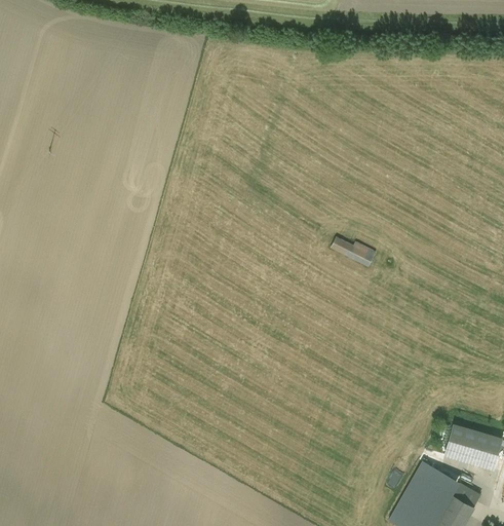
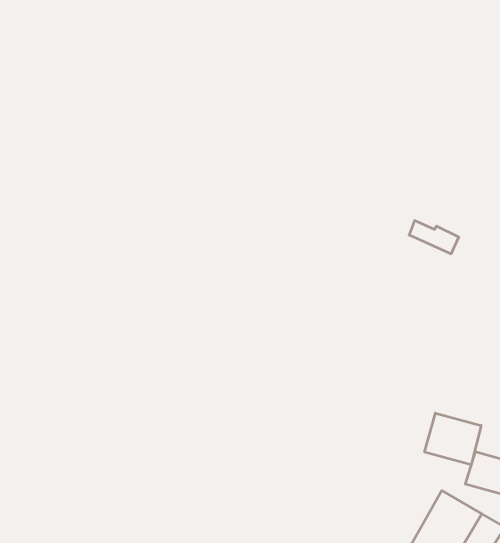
building: [331,235,377,266] -> [409,221,459,254]
building: none -> [425,413,481,465]

